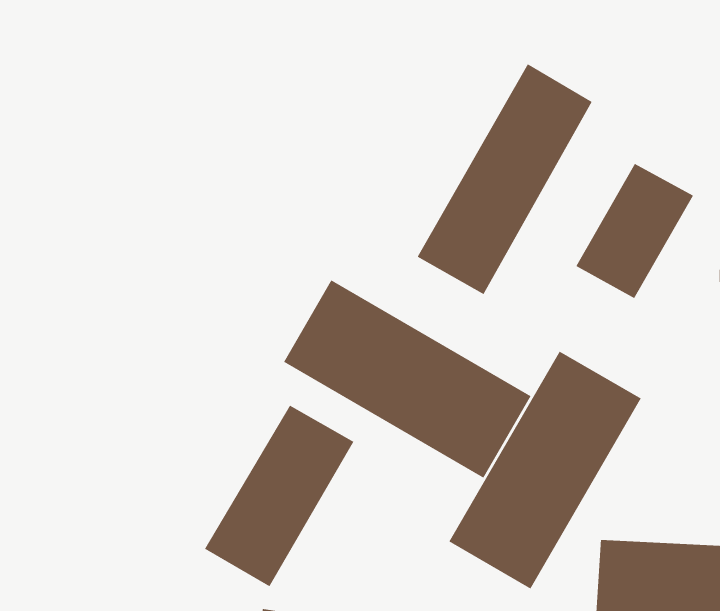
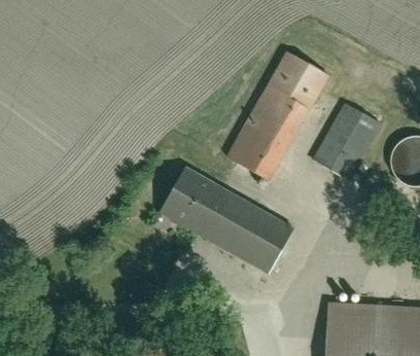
building: [448,351,641,590] -> none
building: [204,405,354,587] -> none

